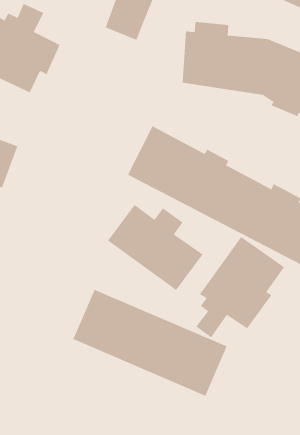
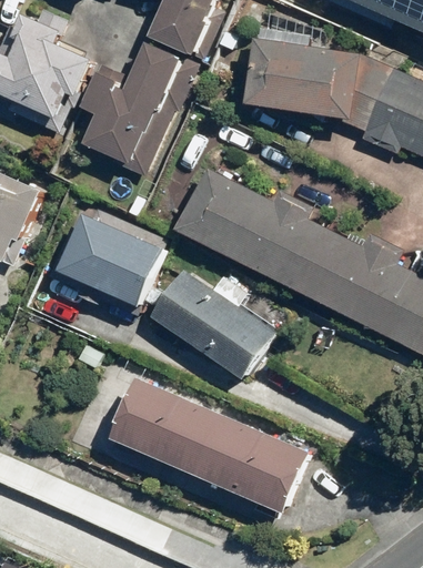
building: none -> [77,44,191,174]
building: none -> [49,202,167,310]
building: [196,236,285,338] -> none

